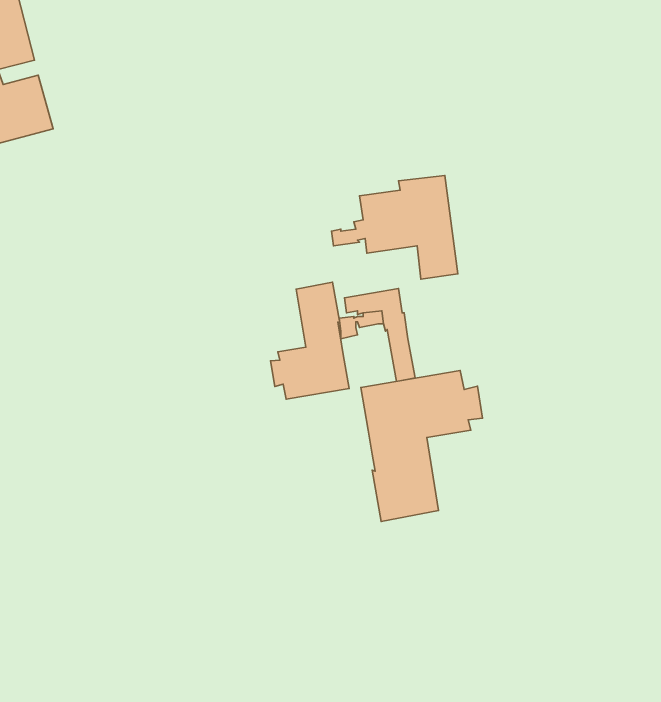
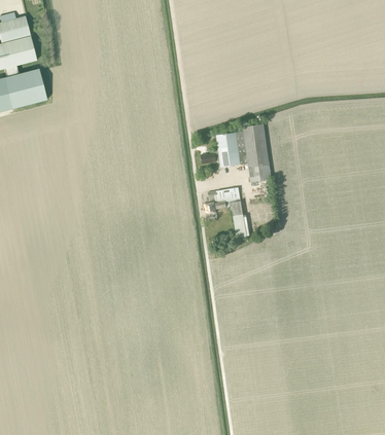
building: [271,282,349,399] -> none
building: [361,370,483,521] -> none

